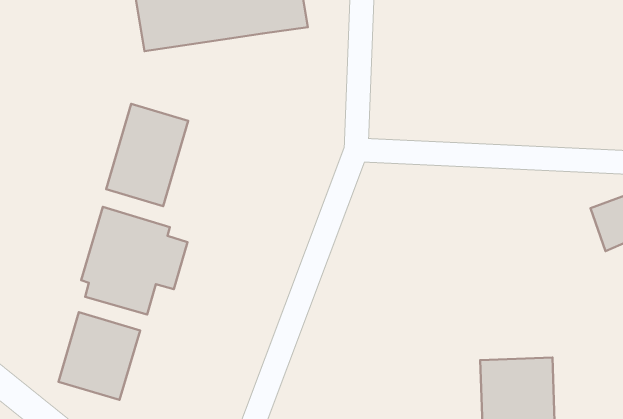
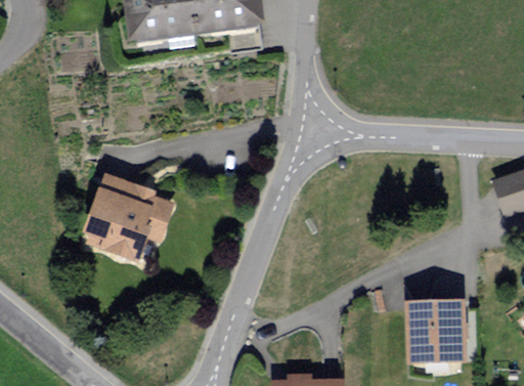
building: [106,104,188,206] -> none
building: [58,312,140,400] -> none

